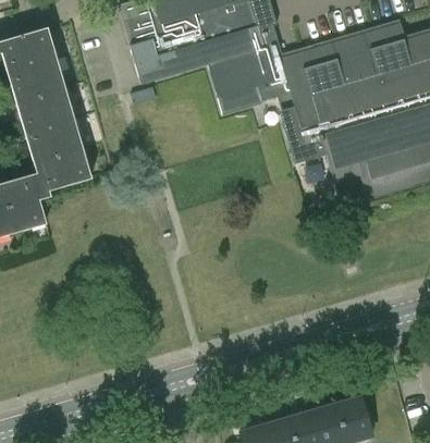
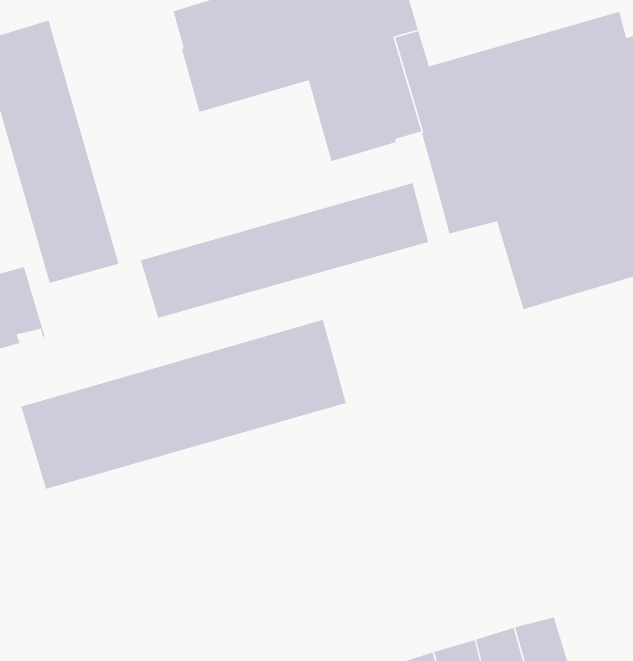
building: none -> [140,182,429,319]
building: none -> [20,319,347,490]

